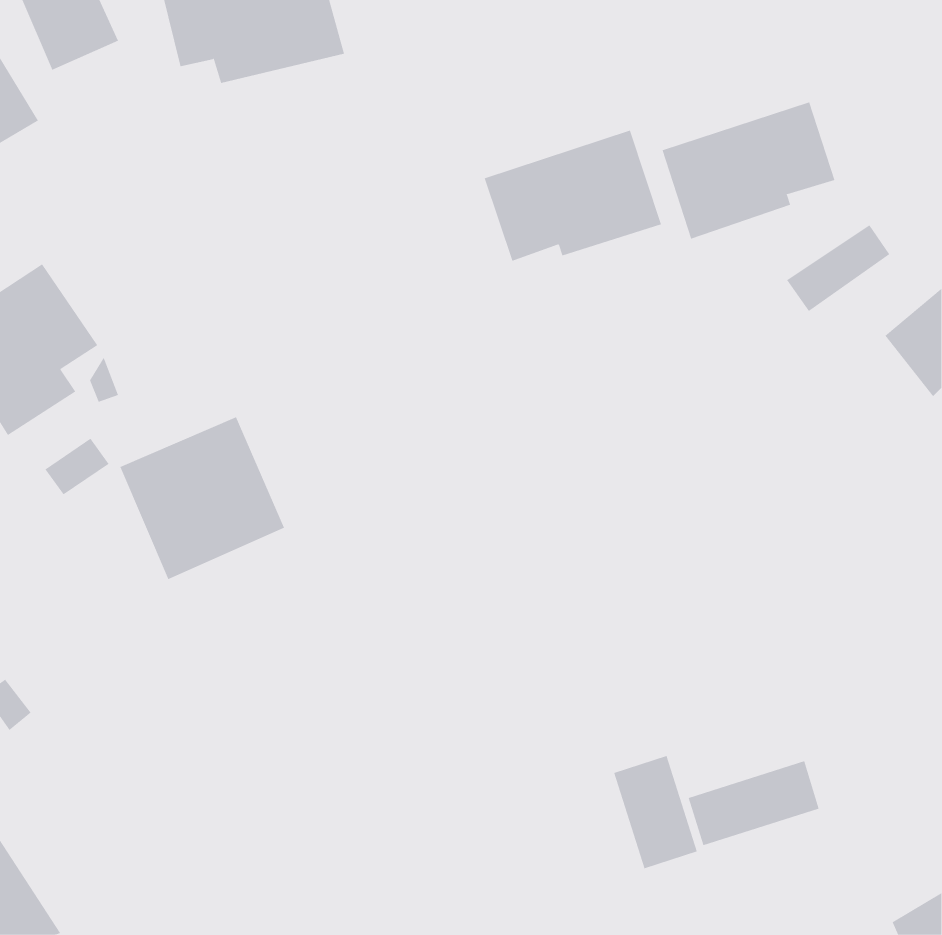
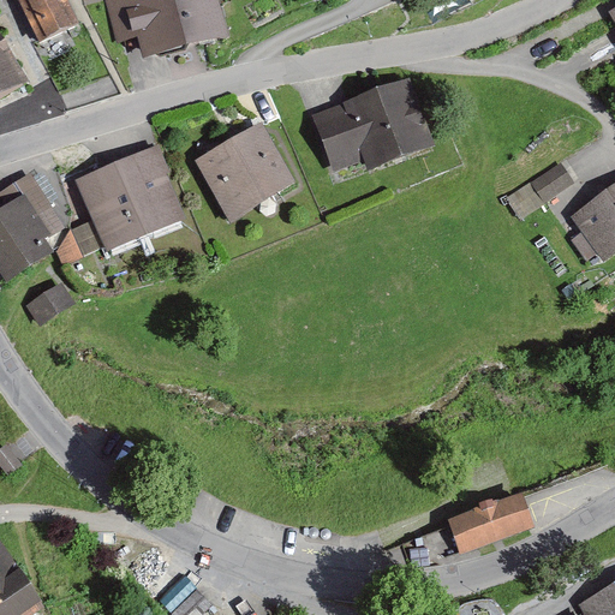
building: [662,101,835,240] -> none
building: none -> [193,121,297,221]
building: [120,417,285,580] -> [77,147,184,252]
building: [613,755,697,869] -> none

